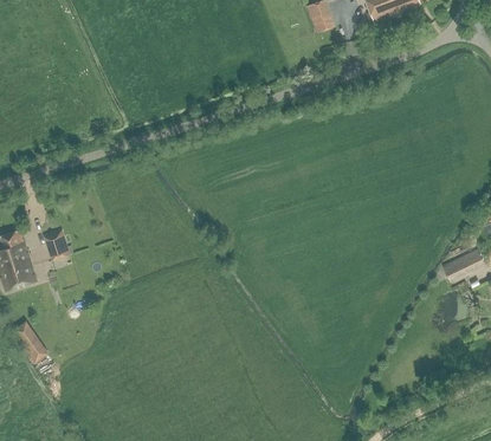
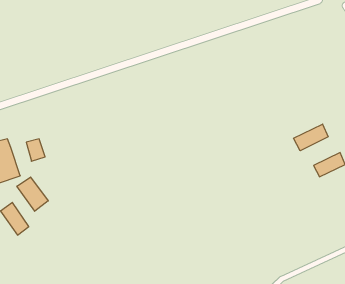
building: none -> [294,124,328,151]
building: none -> [17,177,48,211]

